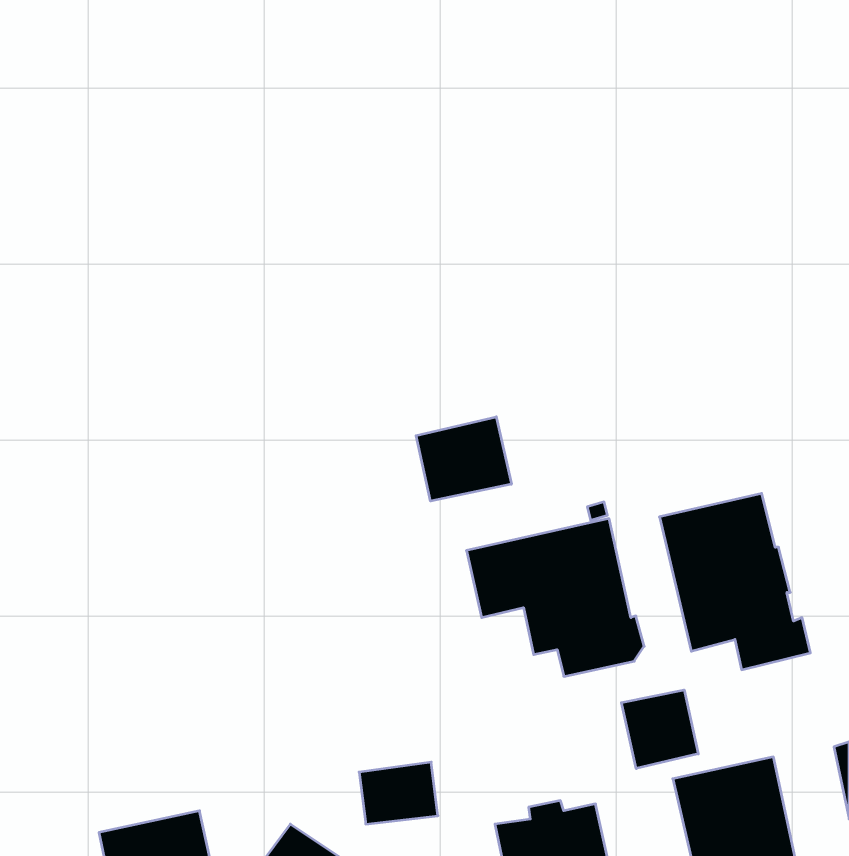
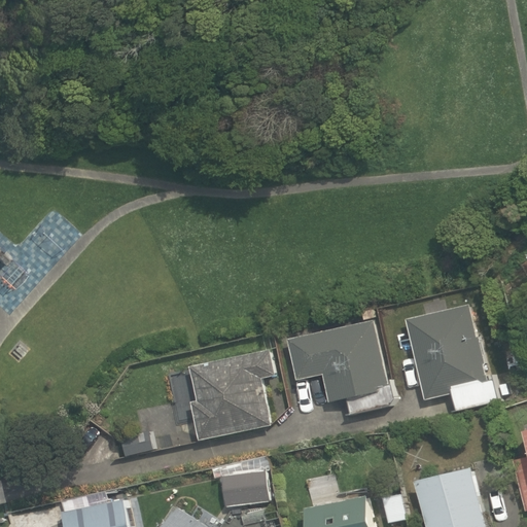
building: [416,417,511,501] -> none
building: none -> [188,348,274,442]
building: [621,690,698,769] -> none

